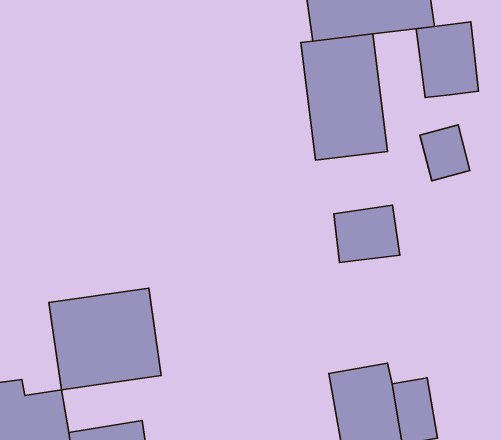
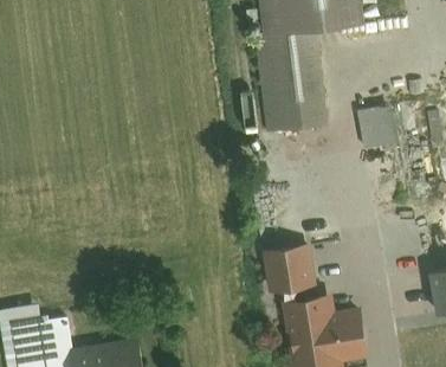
building: [416,22,478,98] -> none
building: [334,205,400,263] -> [261,244,315,290]
building: [49,288,161,390] -> none

